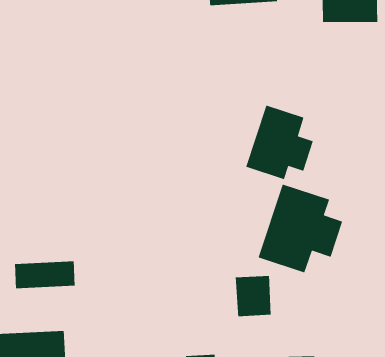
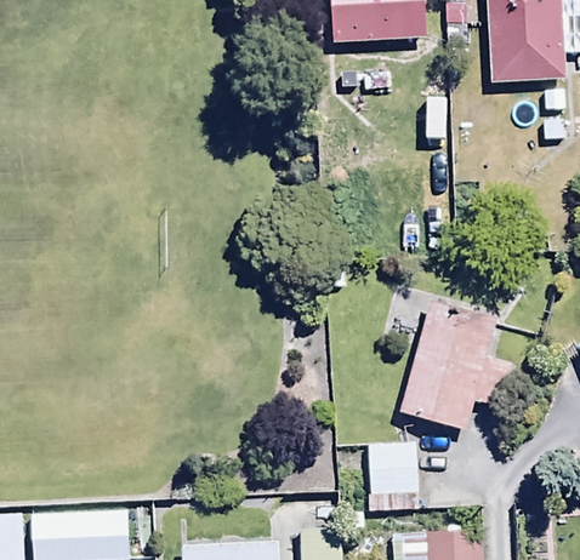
building: [245,104,314,180] -> none
building: [14,260,75,289] -> none

